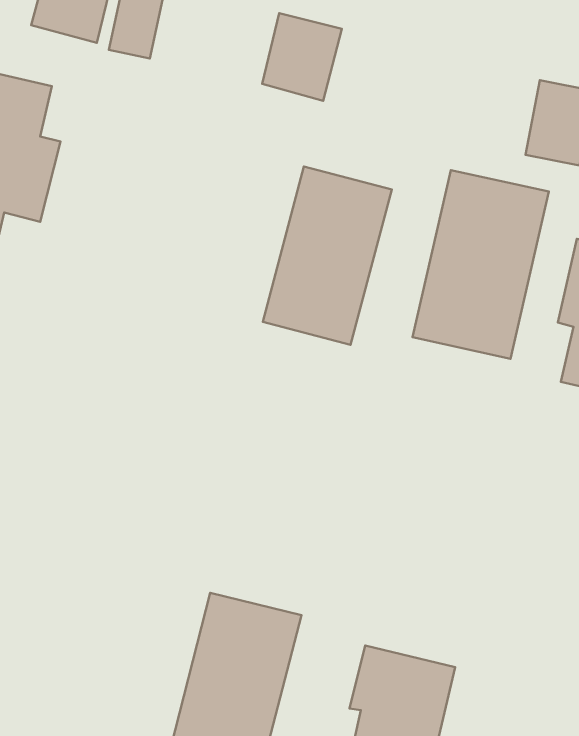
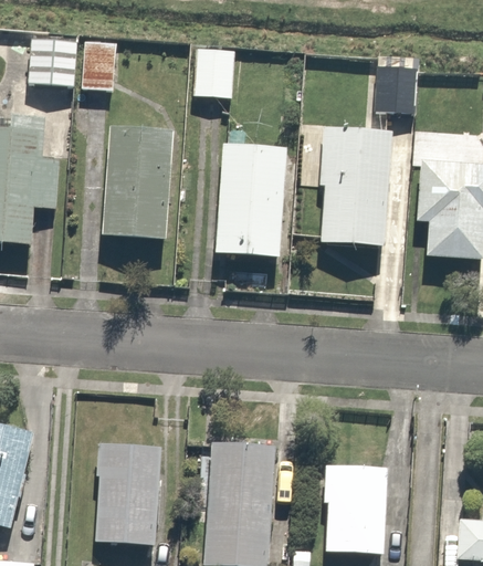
building: none -> [102,129,174,240]
building: none -> [93,443,159,545]

